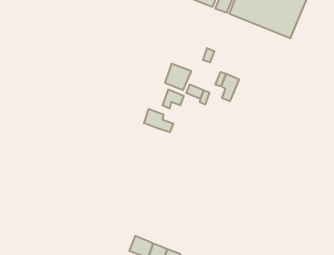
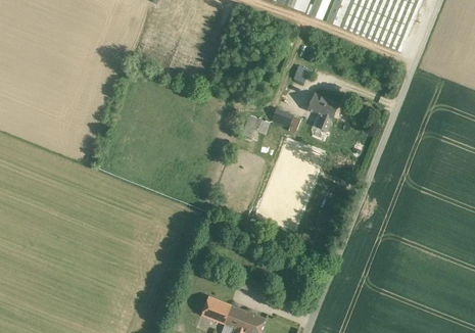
building: [165,64,191,90] -> none
building: [144,109,173,132] -> none

